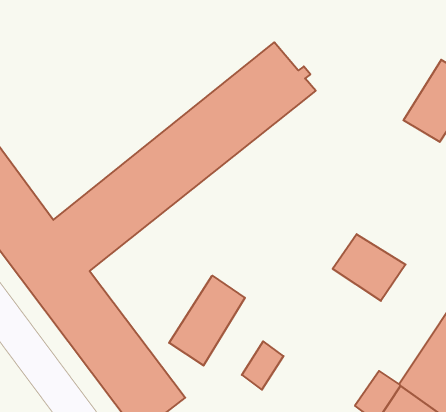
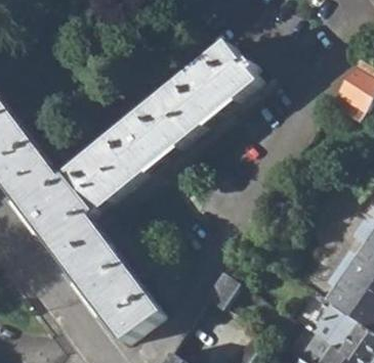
building: [333,234,406,301] -> none
building: [169,276,245,366] -> none

